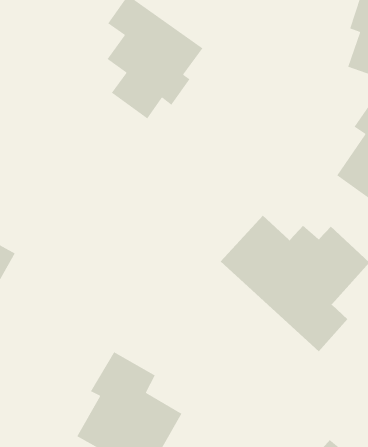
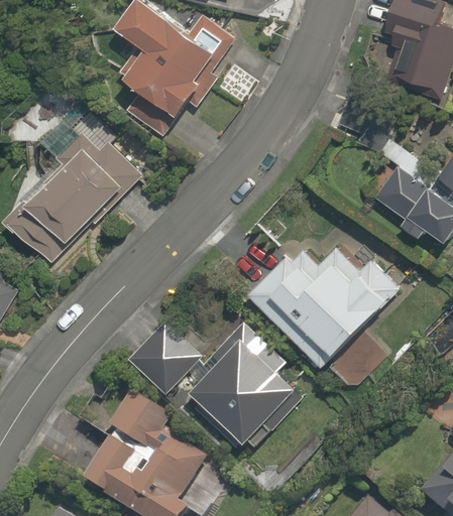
building: none -> [8,122,143,266]
building: none -> [186,319,306,461]
building: none -> [130,327,195,390]

